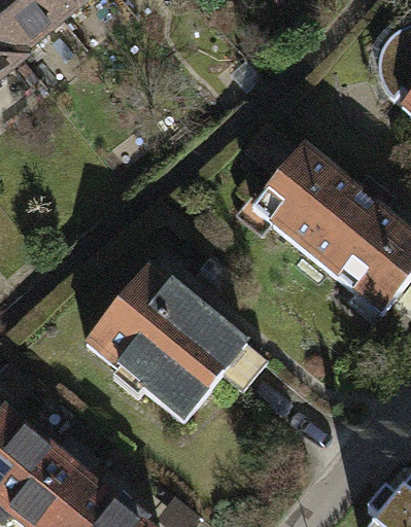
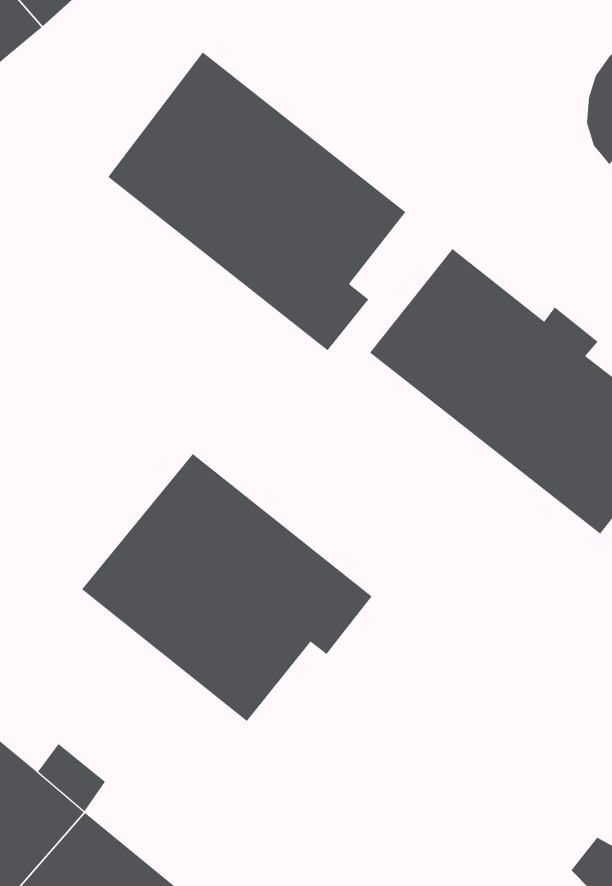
building: none -> [107,52,406,351]

